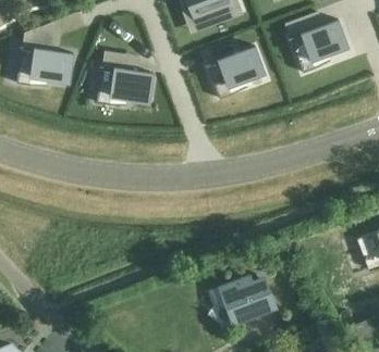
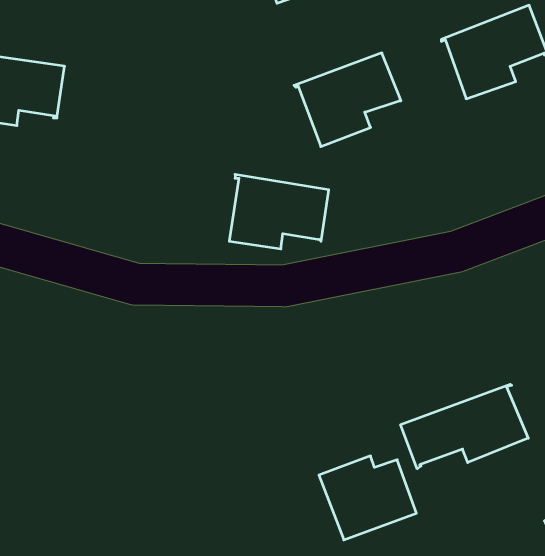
building: [96,64,152,106] -> [229,174,329,249]
building: none -> [401,384,528,469]

